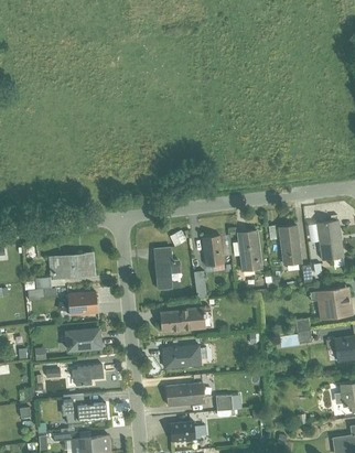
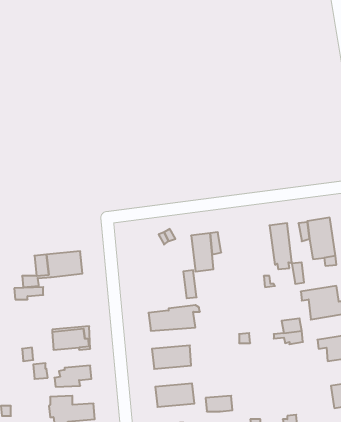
building: [237,230,260,271] -> none
building: [153,247,180,289] -> none
building: [66,292,97,314] -> none

